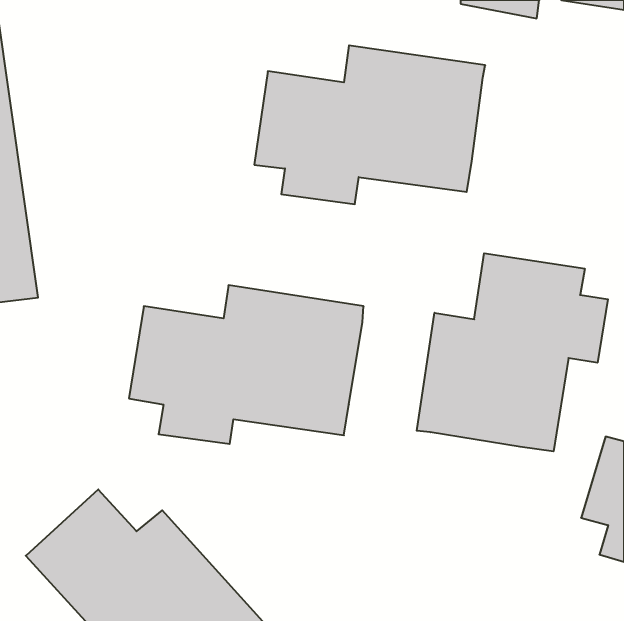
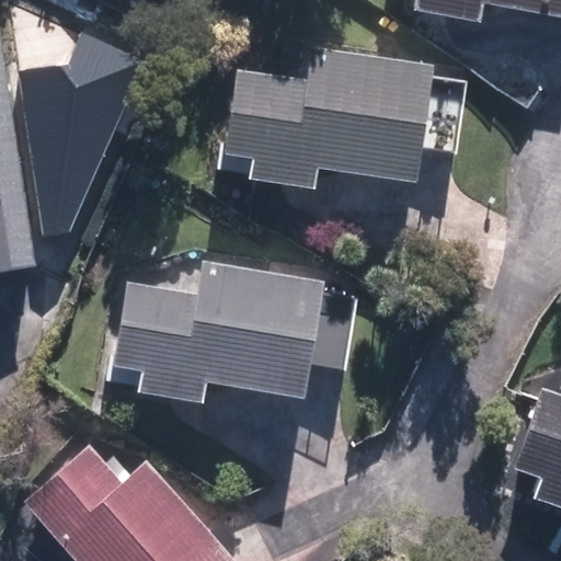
building: none -> [14,41,136,241]
building: [417,253,608,451] -> none

